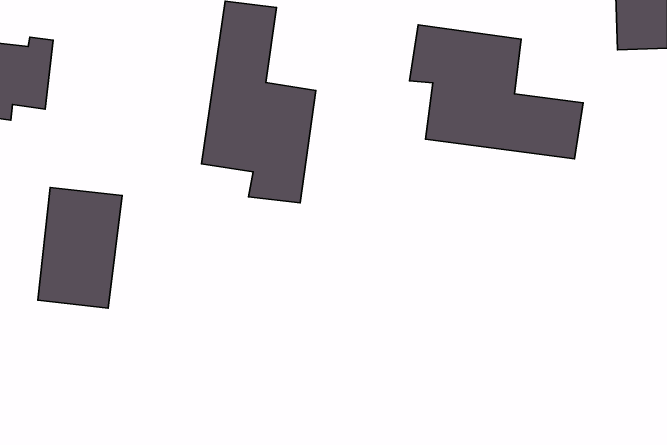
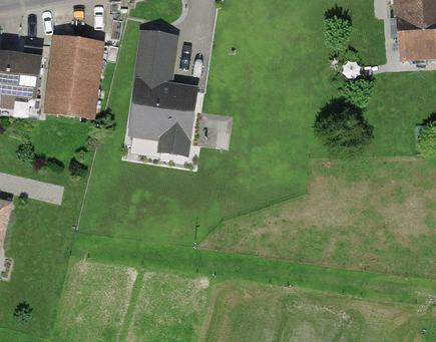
building: [410,25,583,159] -> none
building: [38,188,122,308] -> [44,37,98,114]

